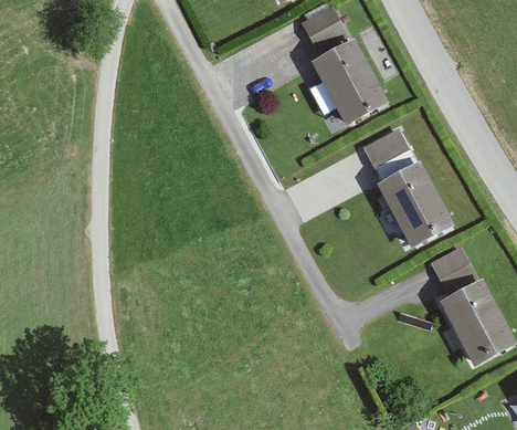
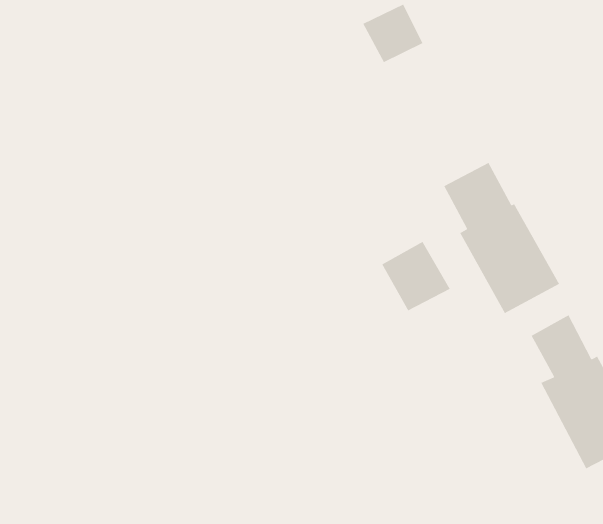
building: [310,38,387,125] -> none
building: none -> [381,241,451,312]

